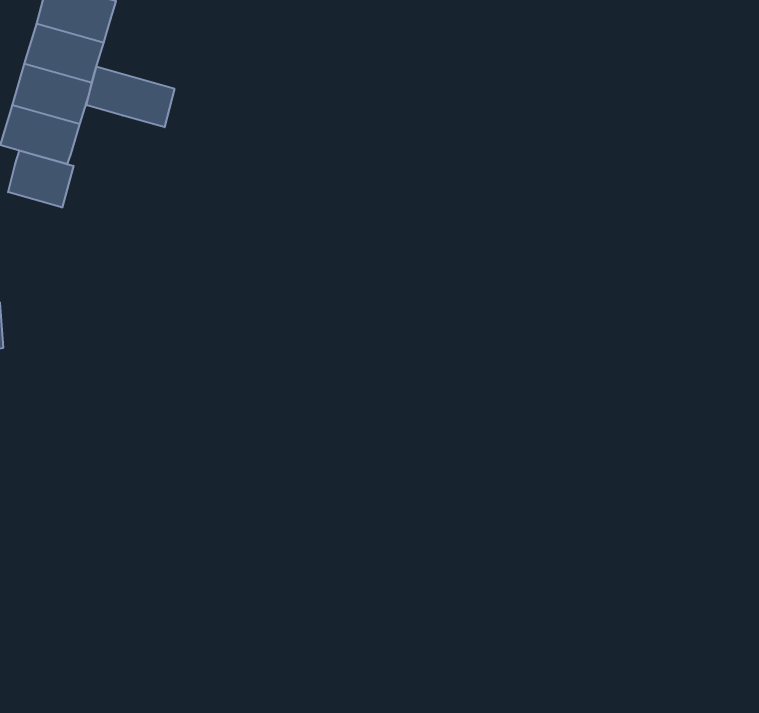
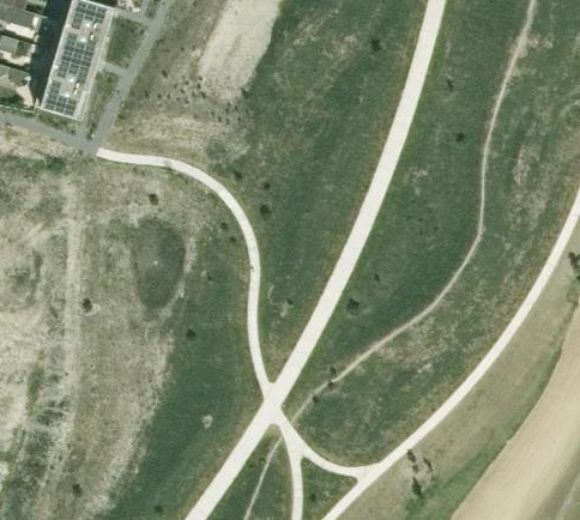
building: [87,67,174,127] -> none
building: [8,151,74,208] -> none

